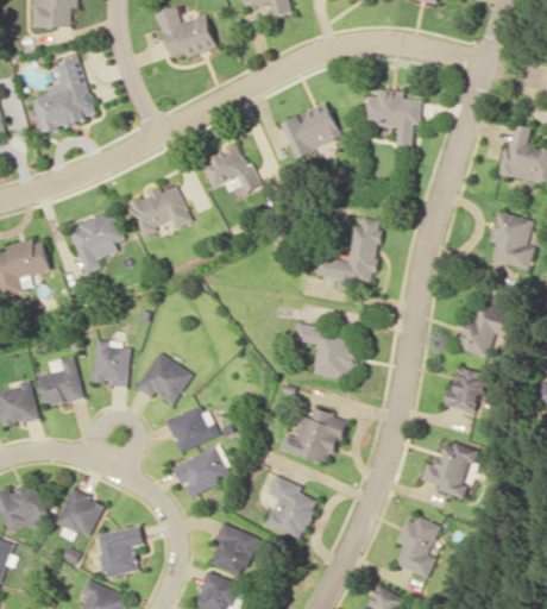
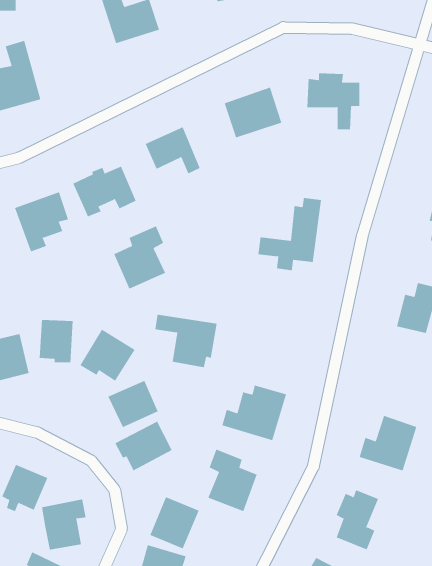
building: none -> [114,225,166,290]
building: [295,325,359,379] -> [155,314,217,368]
building: [447,365,486,412] -> none

